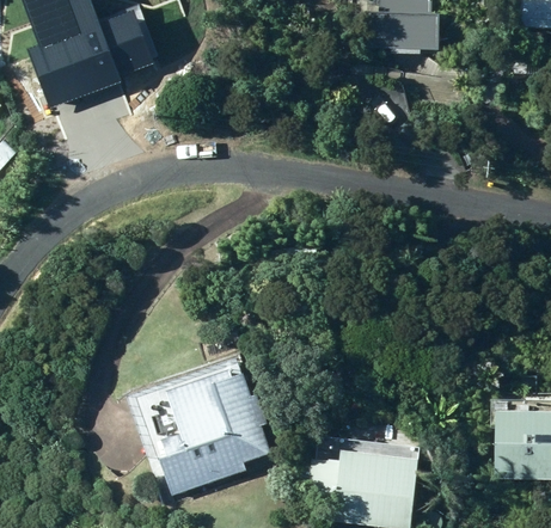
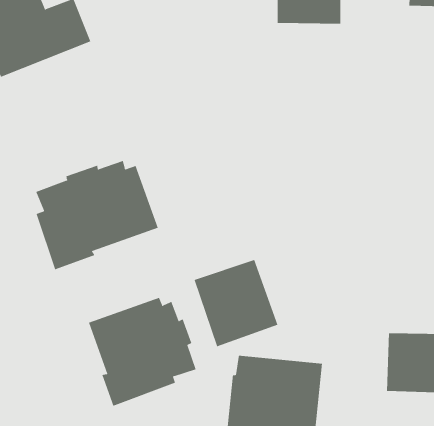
building: none -> [35,160,158,270]
building: none -> [194,259,278,347]

